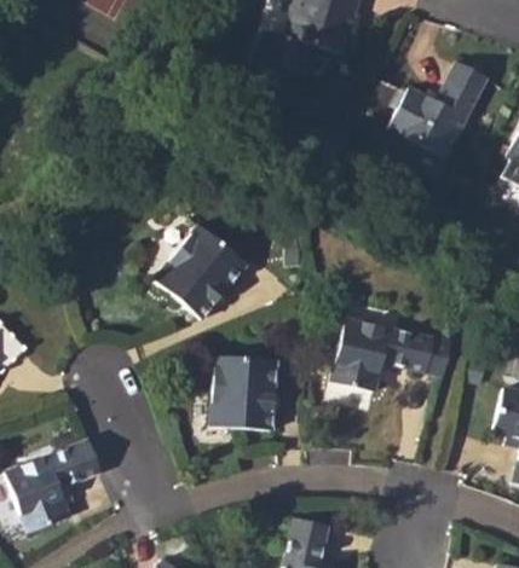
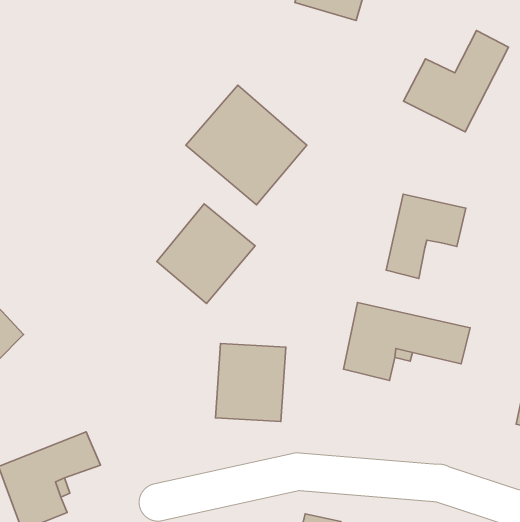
building: none -> [186,85,307,205]
building: none -> [386,194,466,278]

